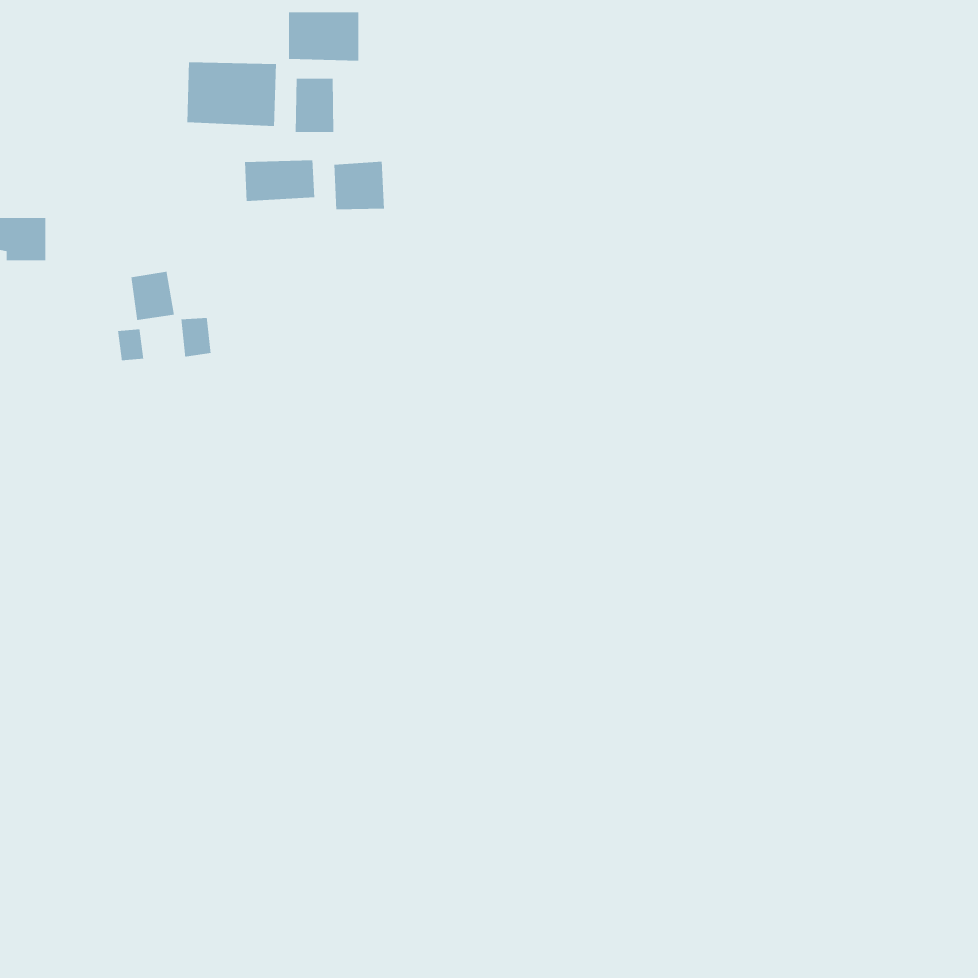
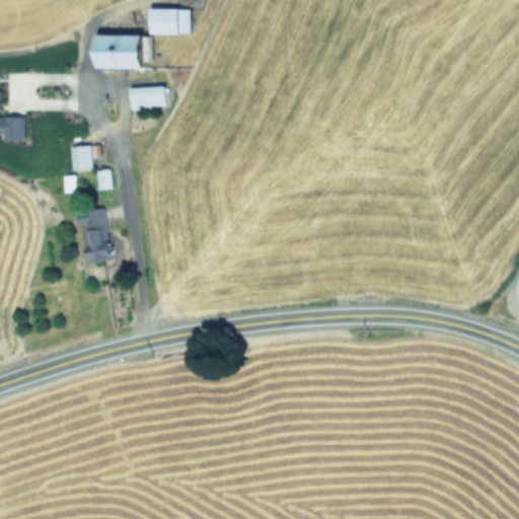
building: [295,78,334,133] -> none
building: [333,161,385,210] -> none
building: none -> [77,209,112,263]

